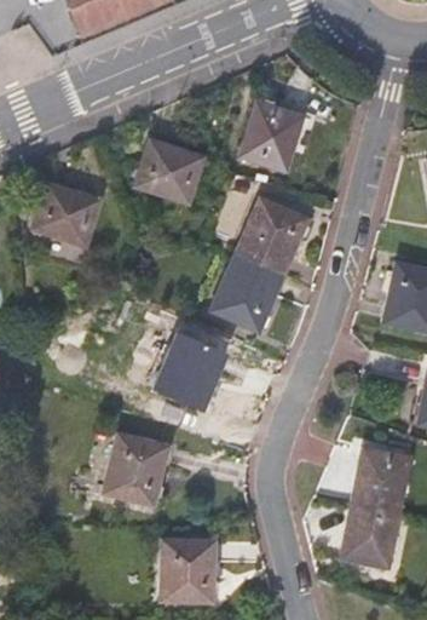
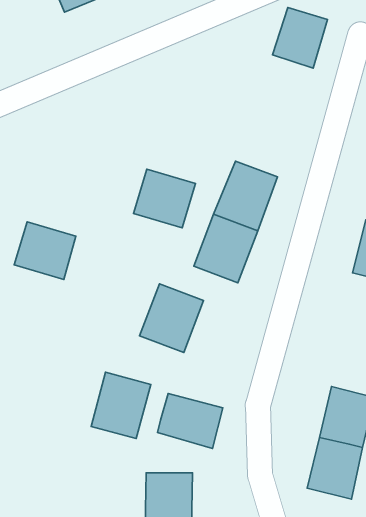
building: [241,104,301,171] -> [272,7,328,68]
building: [135,142,203,206] -> [134,169,195,228]
building: [30,185,98,248] -> [14,222,76,279]
building: none -> [157,393,223,448]

